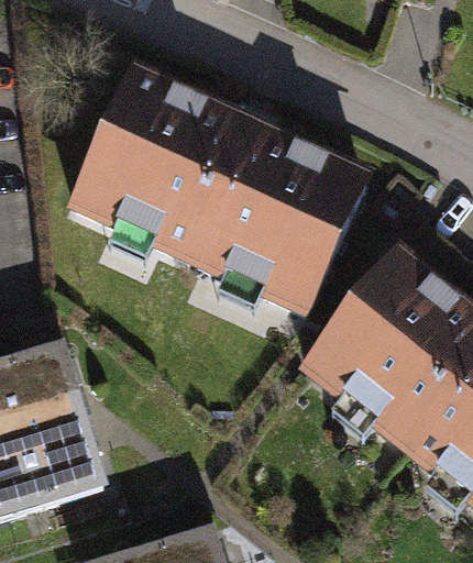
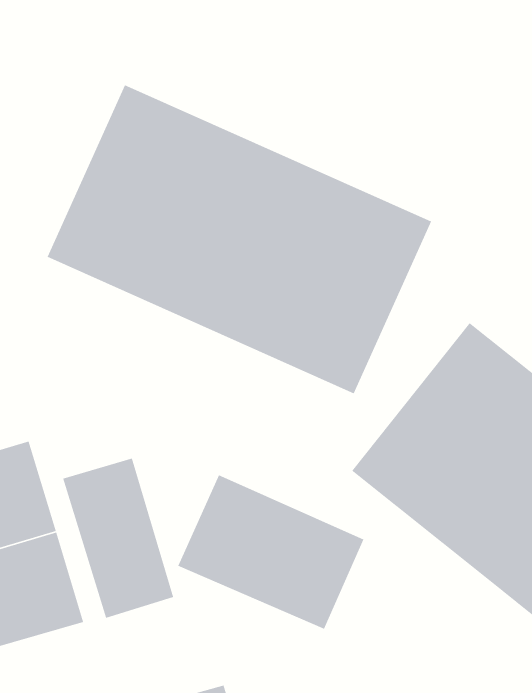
building: none -> [62,457,174,619]
building: none -> [177,474,364,630]

